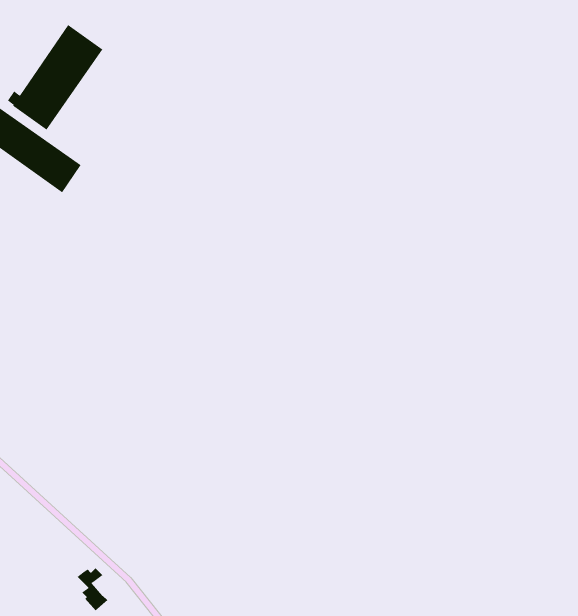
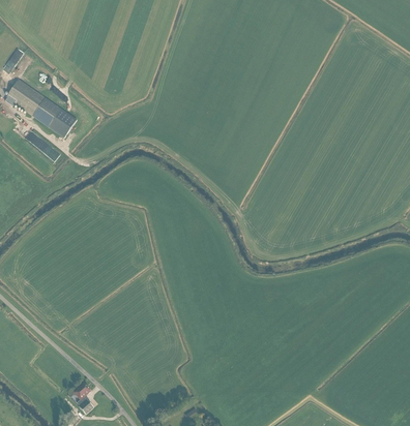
building: [7,24,103,131] -> none

